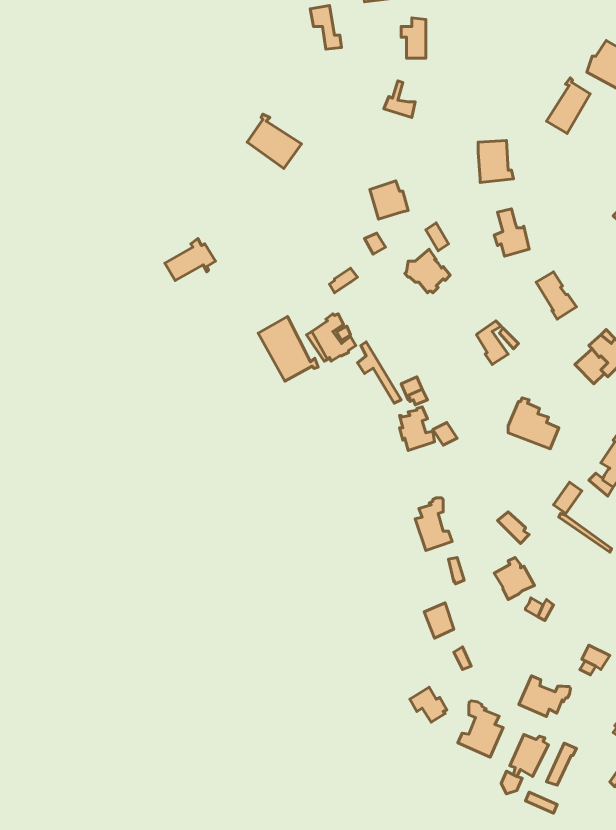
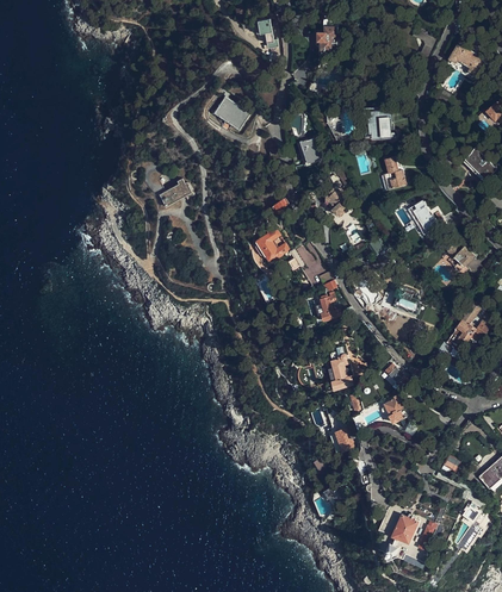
building: [546,78,590,133] -> none
building: [258,317,318,381] -> none
building: [519,676,571,717] -> none
building: [458,701,503,757] -> none

